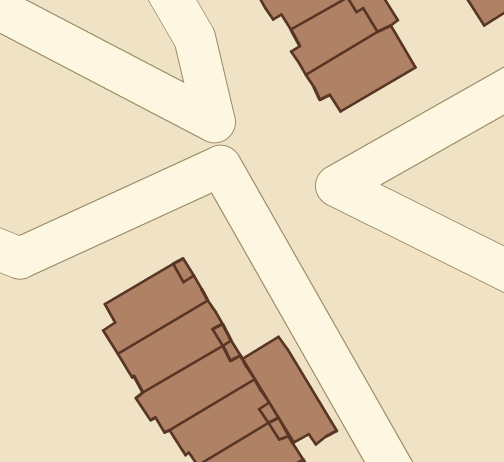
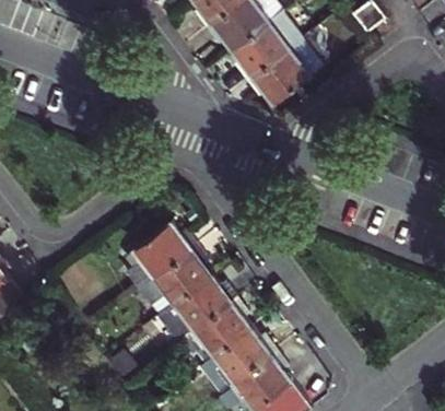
building: [242,337,337,444] -> none

